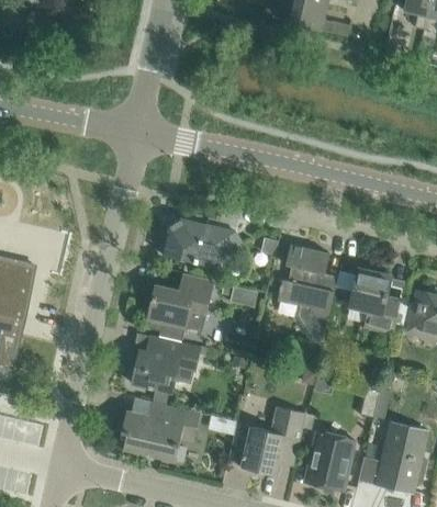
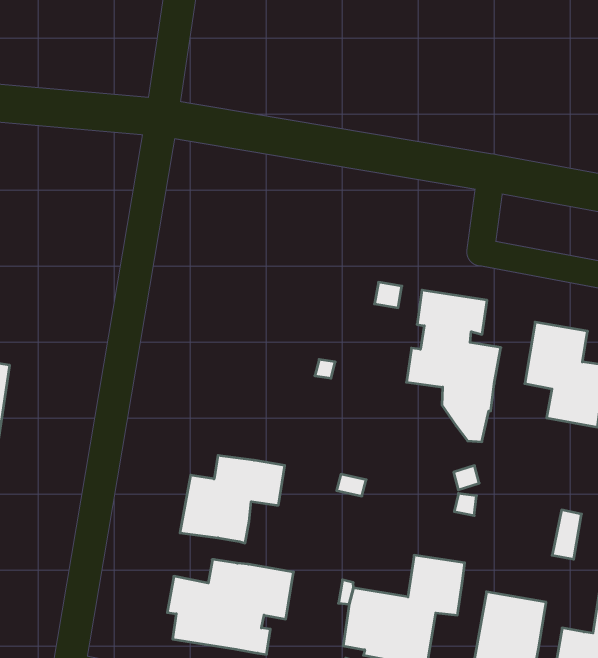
building: [163,218,242,268] -> none
building: [147,274,212,340] -> none

